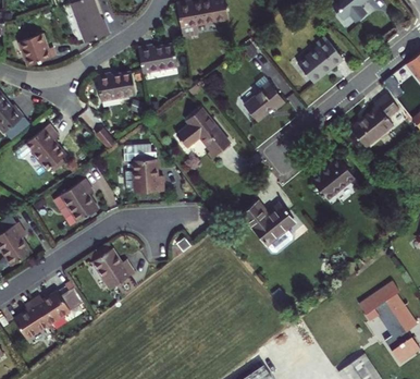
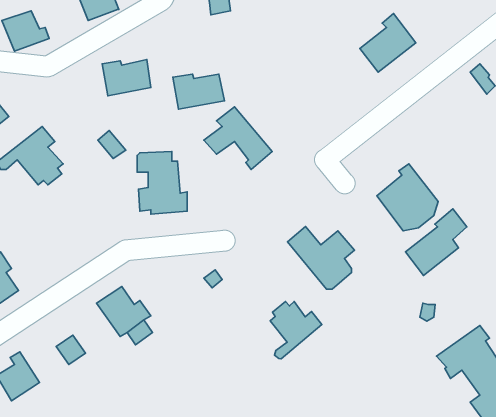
building: [137,45,177,72] -> [173,74,224,109]
building: [244,82,285,121] -> none
building: [350,94,398,146] -> [405,209,467,276]
building: [53,179,97,225] -> none
building: none -> [270,302,322,359]
building: [33,291,71,325] -> none

